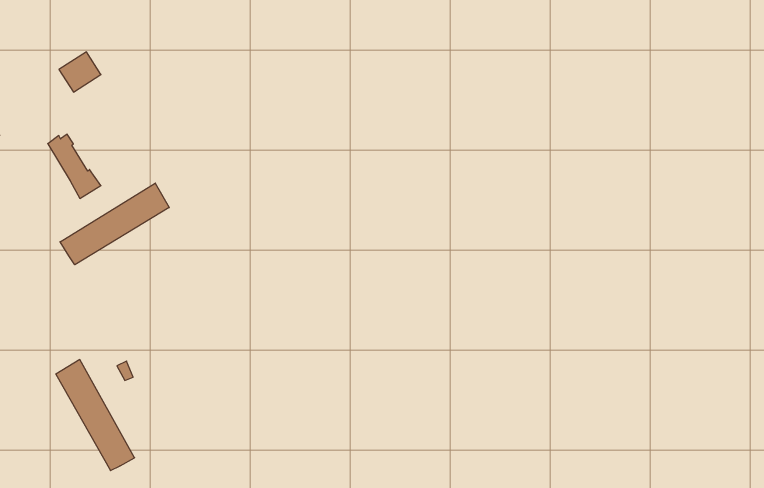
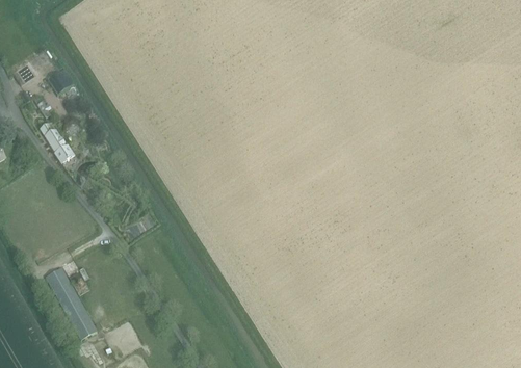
building: [60,183,169,265] -> none

